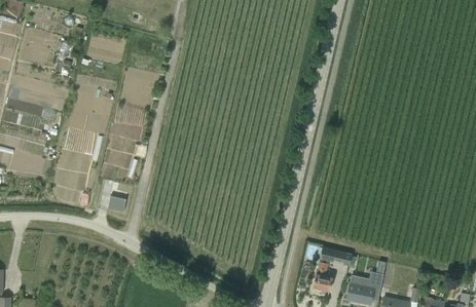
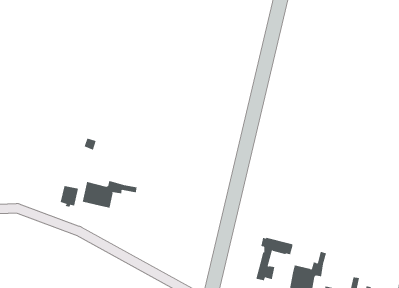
building: none -> [82,180,137,208]

